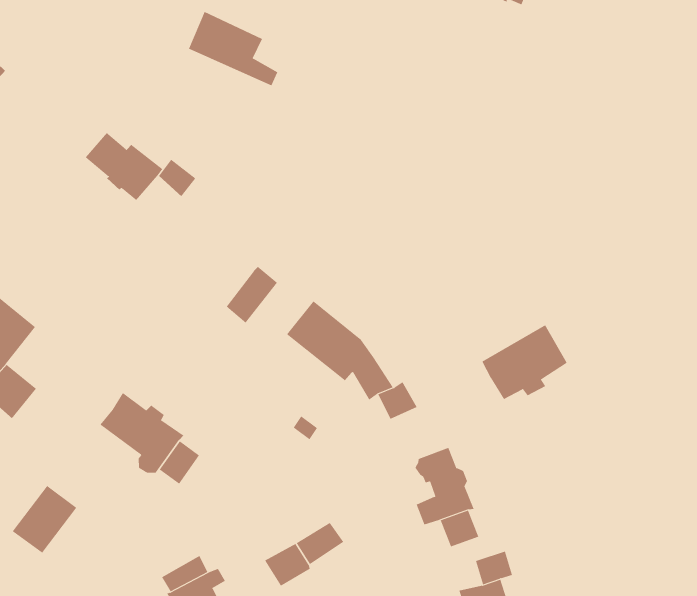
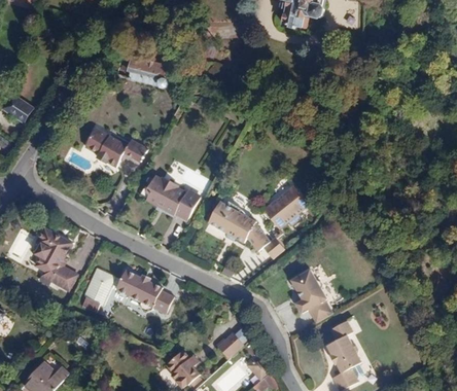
building: none -> [145,175,184,214]
building: [481,325,568,400] -> [261,184,308,228]
building: [12,485,77,554] -> [82,266,115,304]

